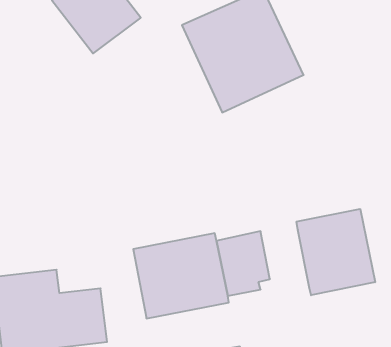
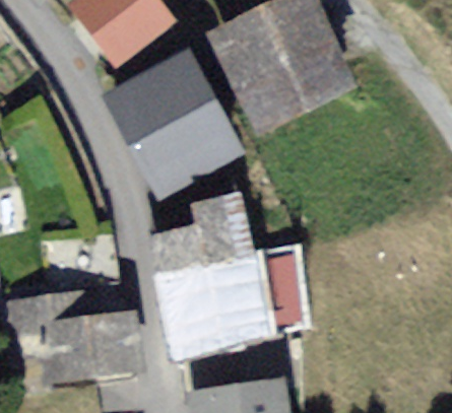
building: none -> [110,57,238,192]
building: none -> [156,196,252,272]
building: [297,209,375,295] -> none

